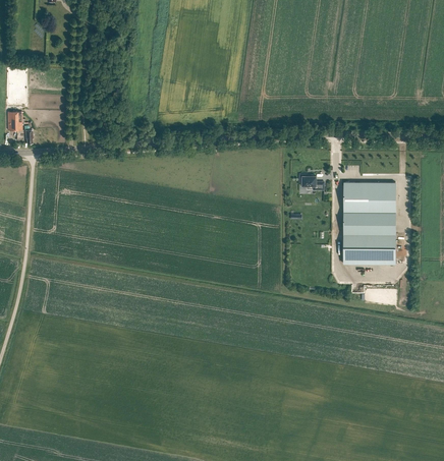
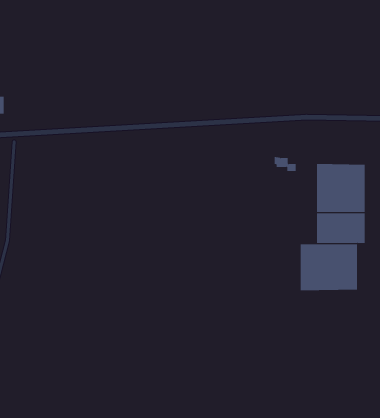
building: none -> [300,243,358,291]

